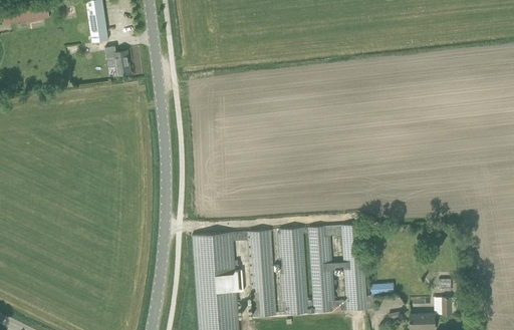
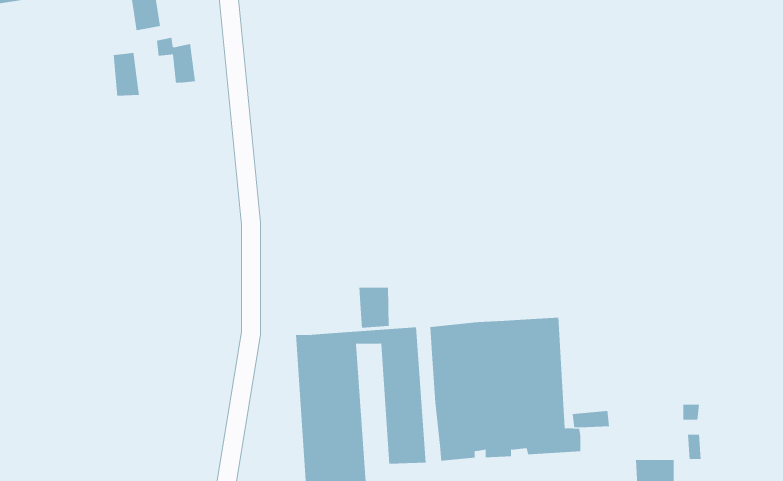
building: none -> [113,52,139,97]
building: none -> [359,287,389,328]

